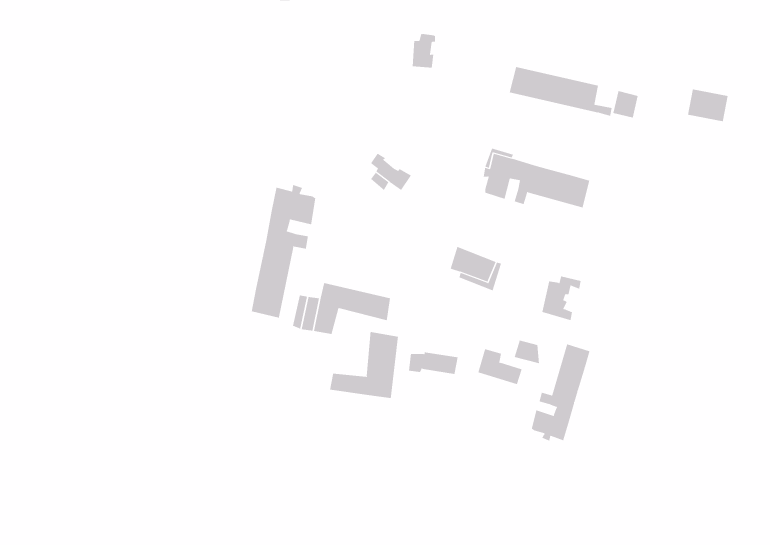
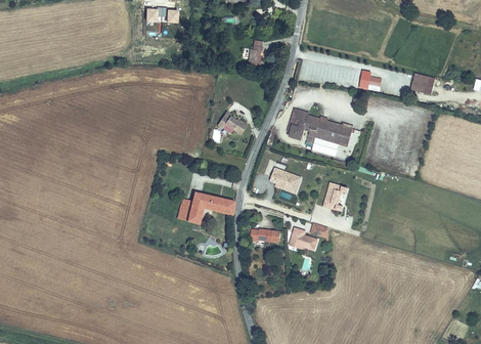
building: [251,184,316,318] -> none
building: [330,331,398,399] -> none
building: [531,343,590,442] -> none

